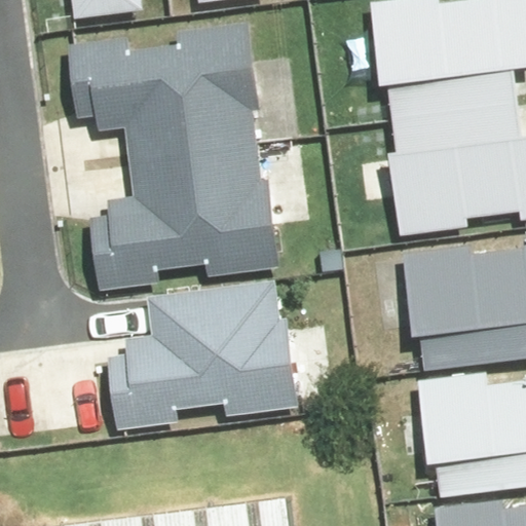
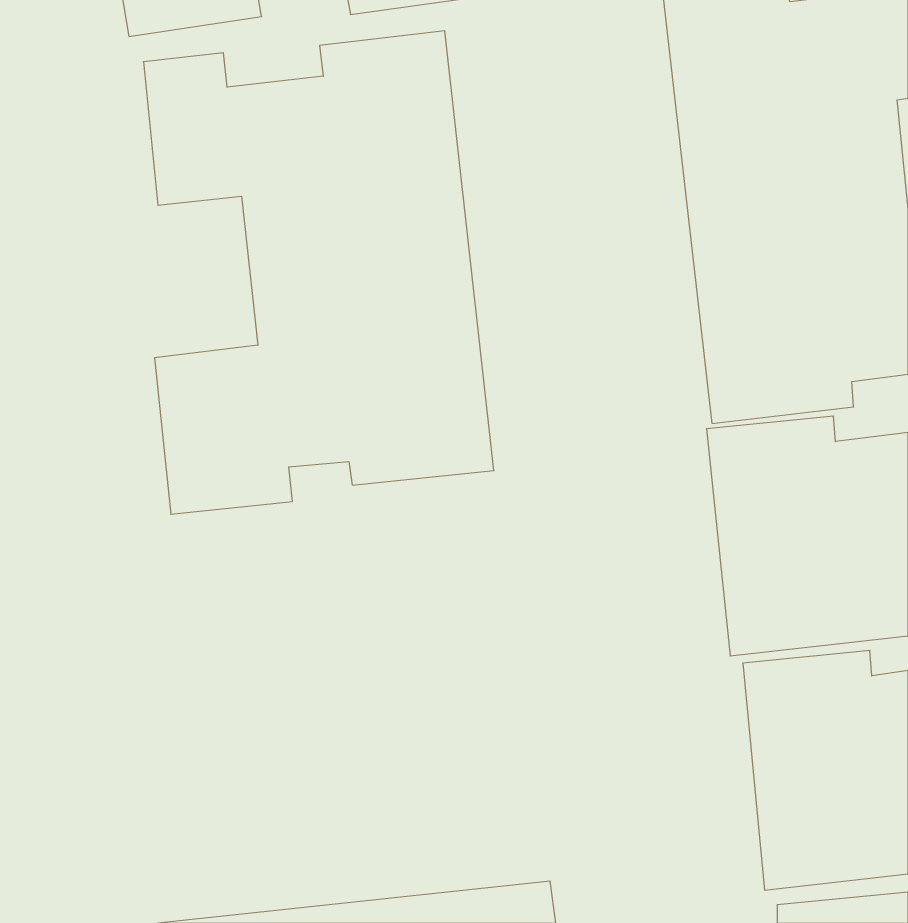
building: [109,285,297,426] -> none

